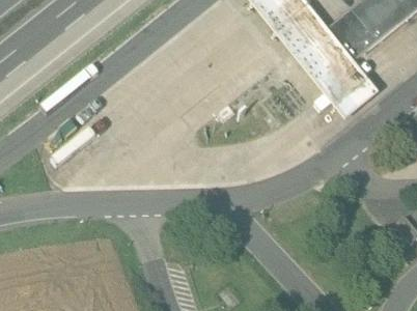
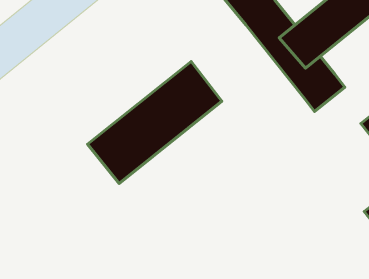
building: none -> [88,61,222,183]

